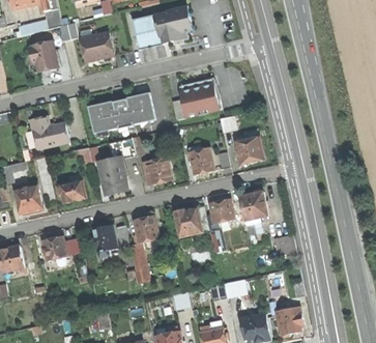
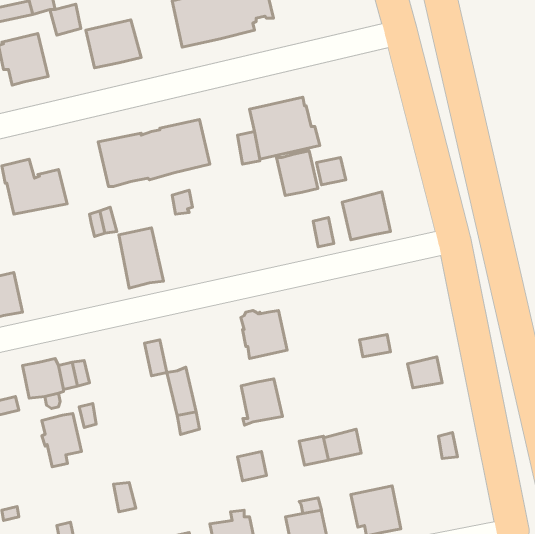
building: [189,147,213,174] -> [277,151,318,195]
building: [142,156,171,183] -> none
building: [58,179,85,203] -> none
building: [238,189,268,221] -> none
building: [208,199,233,223] -> none
building: [133,216,157,244] -> [241,379,282,425]
building: [92,225,116,257] -> [42,414,81,467]
building: [274,306,302,337] -> none

